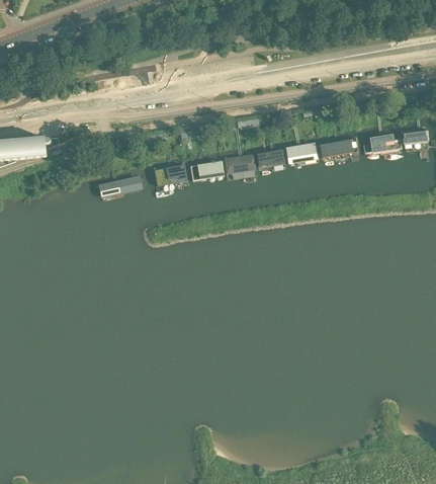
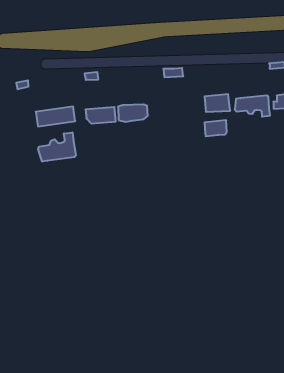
building: [257,148,283,168] -> [204,120,227,136]
building: [225,155,255,177] -> none
building: none -> [38,132,76,162]

